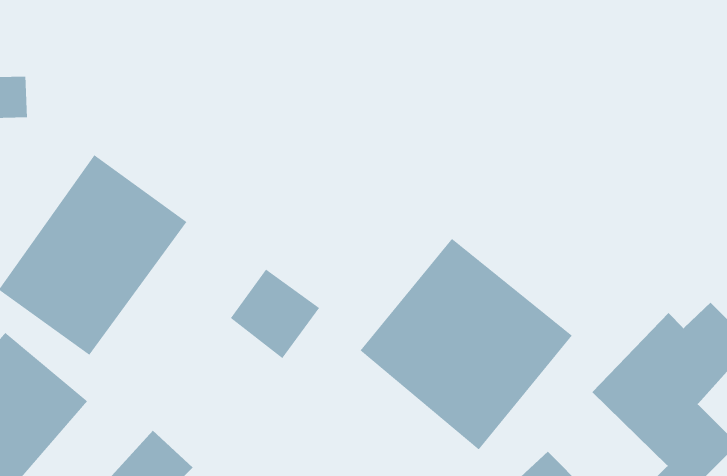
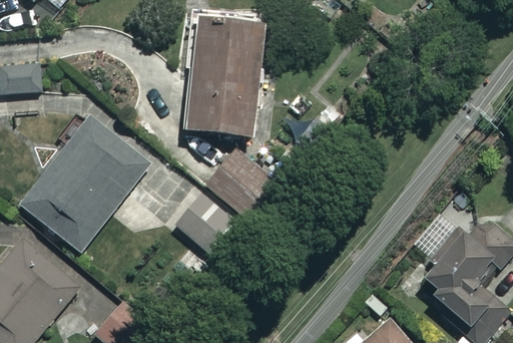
building: none -> [187,19,261,134]
building: none -> [207,149,276,217]
building: [360,238,573,450] -> none

